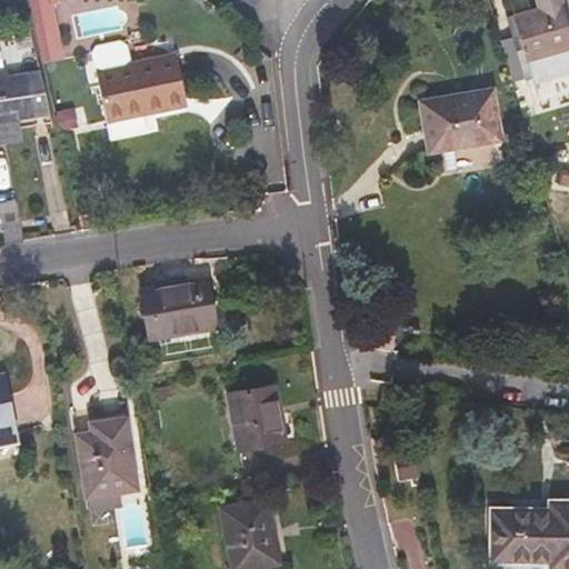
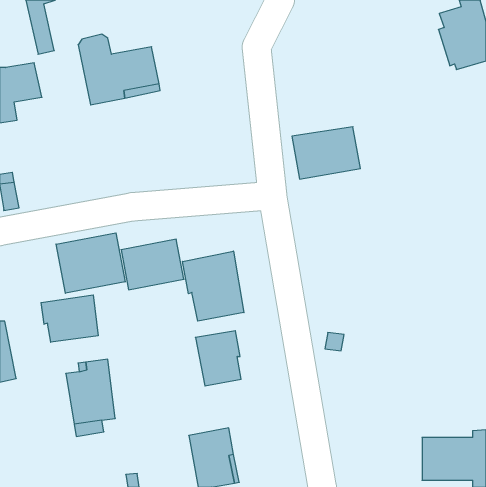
building: [420,90,500,151] -> [292,127,360,179]
building: none -> [56,233,125,293]
building: none -> [183,251,244,321]
building: none -> [41,295,98,342]

